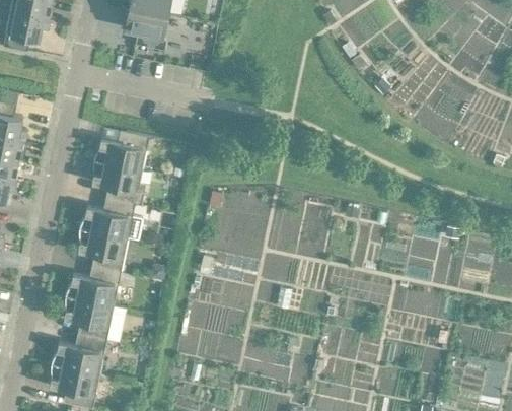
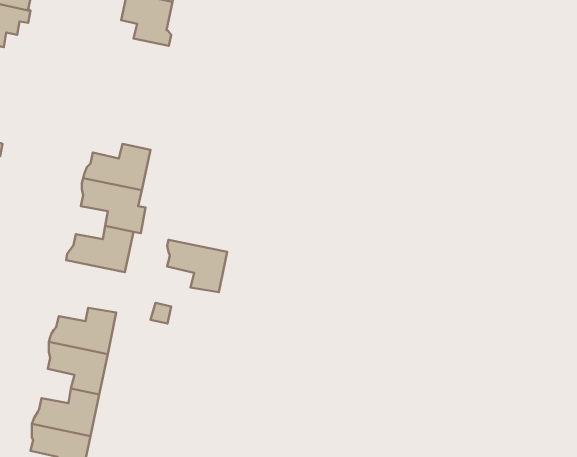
building: [77,228,127,272] -> [167,240,227,292]

